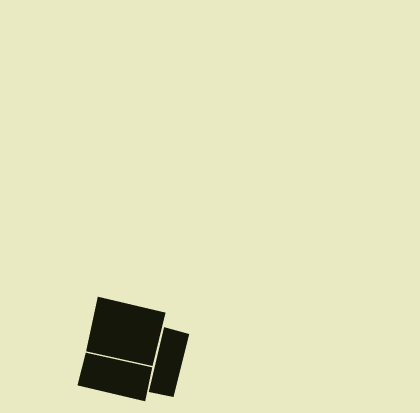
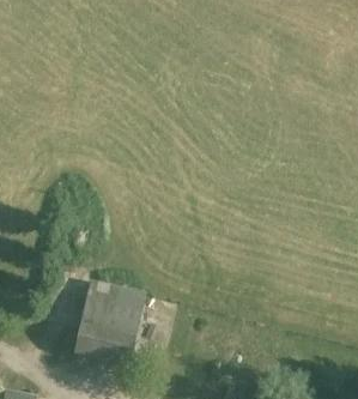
building: [148,326,190,398] -> none

